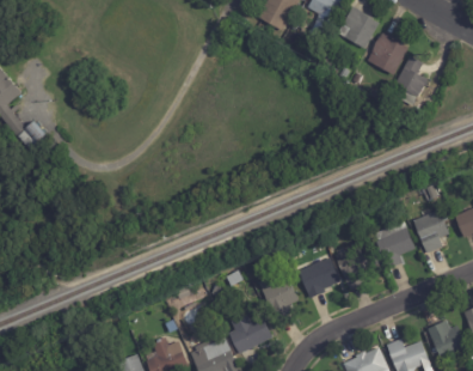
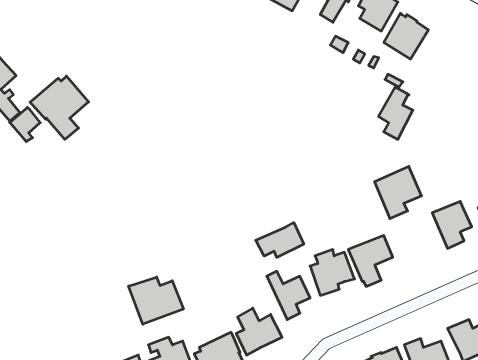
building: [394,55,426,104] -> [379,87,413,139]
building: none -> [30,76,89,139]
building: [371,219,416,268] -> [375,166,422,219]
building: none -> [256,223,304,257]
building: none -> [129,277,183,324]

